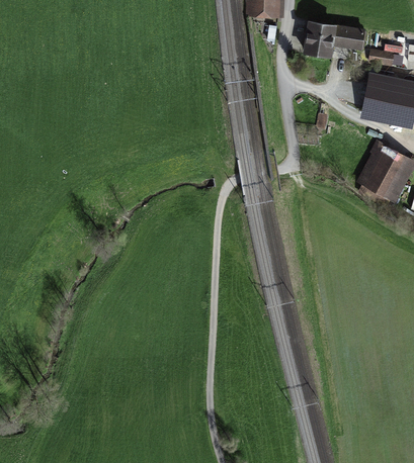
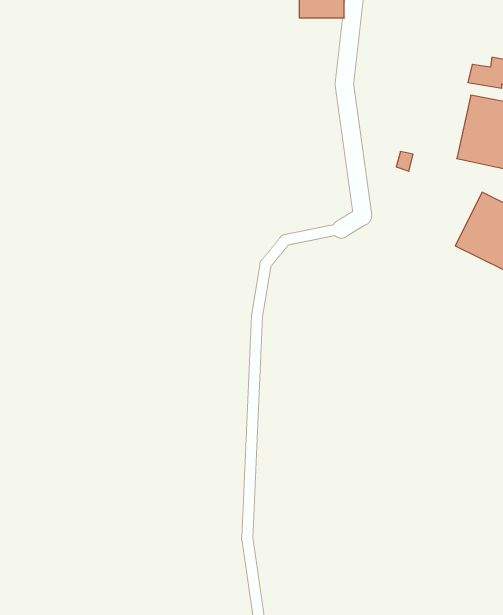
building: [304,19,364,58] -> none

